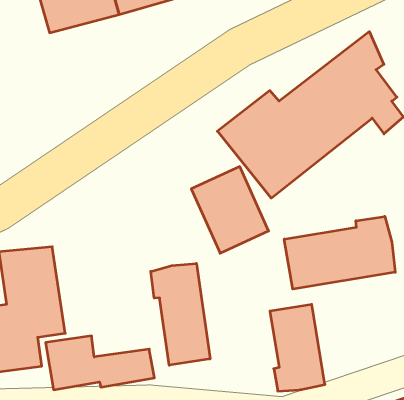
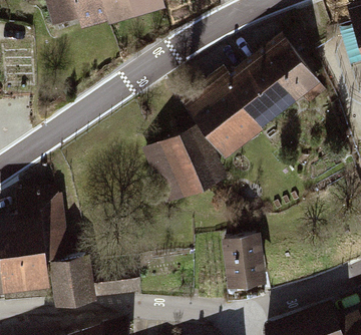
building: [284,216,395,289] -> none
building: [151,263,210,365] -> none

